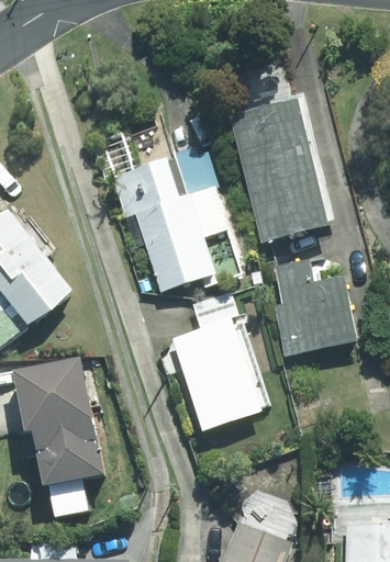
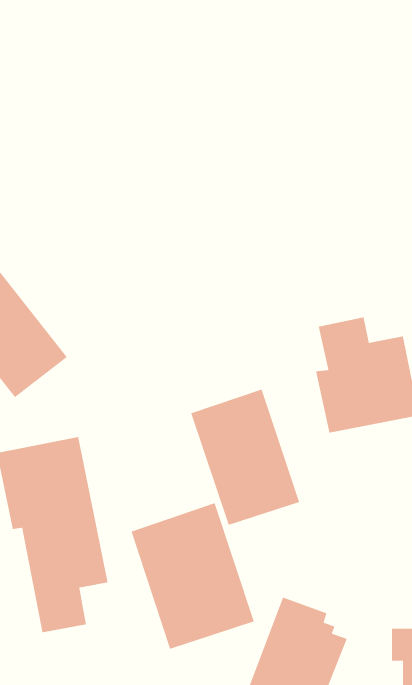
building: [231,99,328,239] -> none
building: [110,158,230,292] -> none
building: none -> [131,502,255,650]

